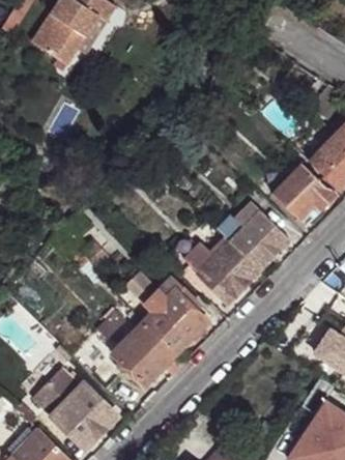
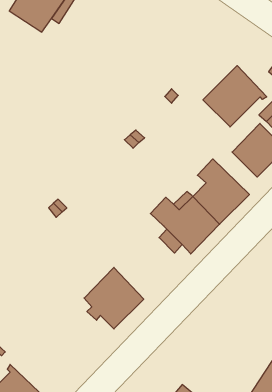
building: none -> [203,66,267,127]
building: [128,272,208,353] -> none
building: [32,368,114,449] -> none

